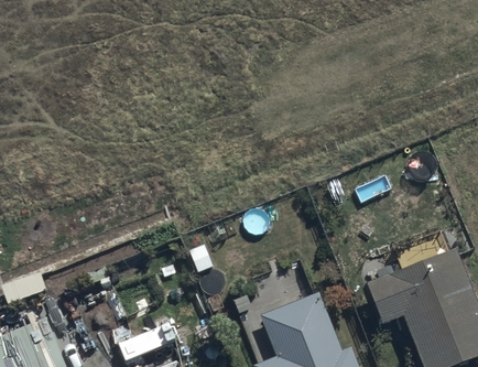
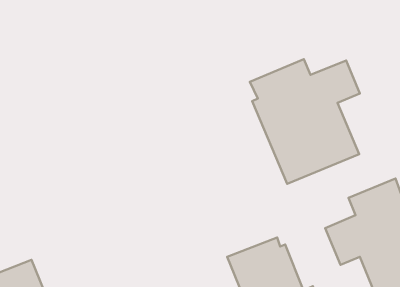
building: none -> [250,59,360,184]

